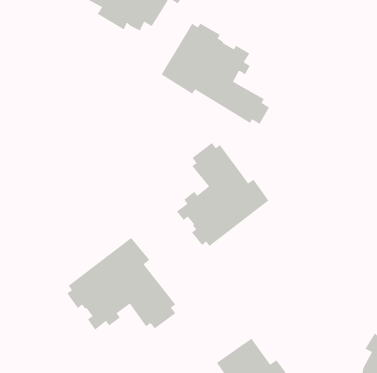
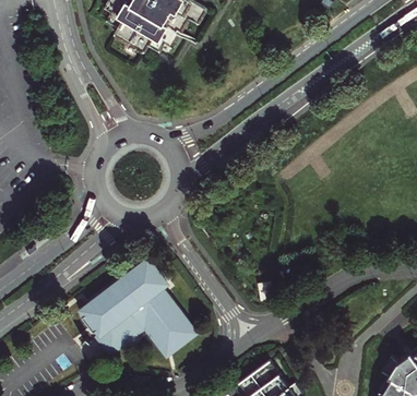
building: [161,23,270,125] -> none
building: [176,142,269,247] -> none

